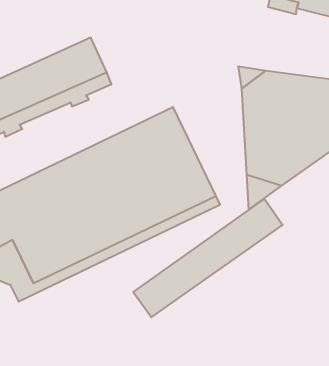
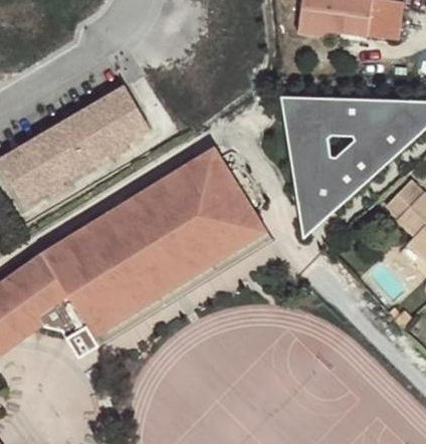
building: [133,199,283,317] -> none

